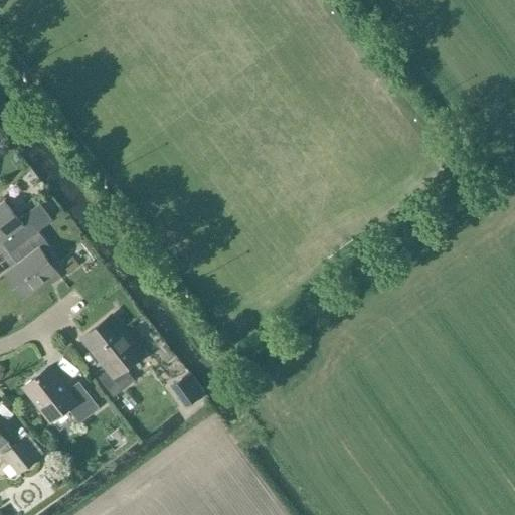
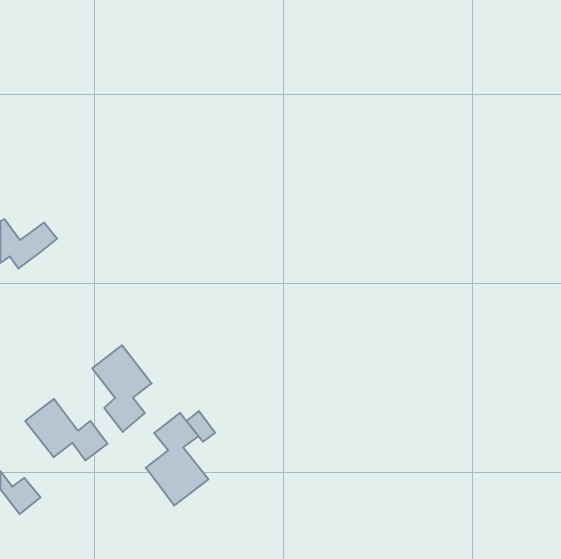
building: [5,232,57,298] -> none
building: none -> [146,413,208,506]

